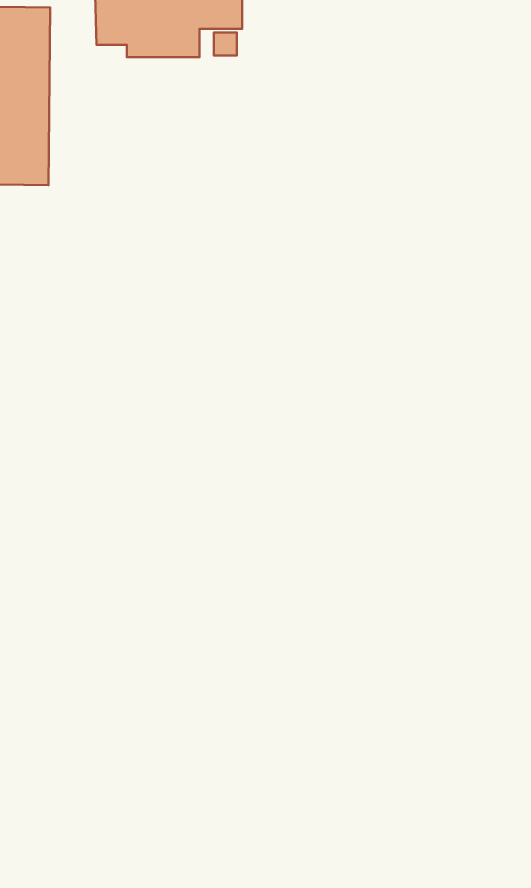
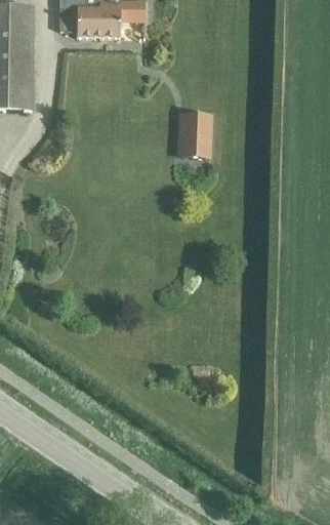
building: none -> [181,112,214,155]

